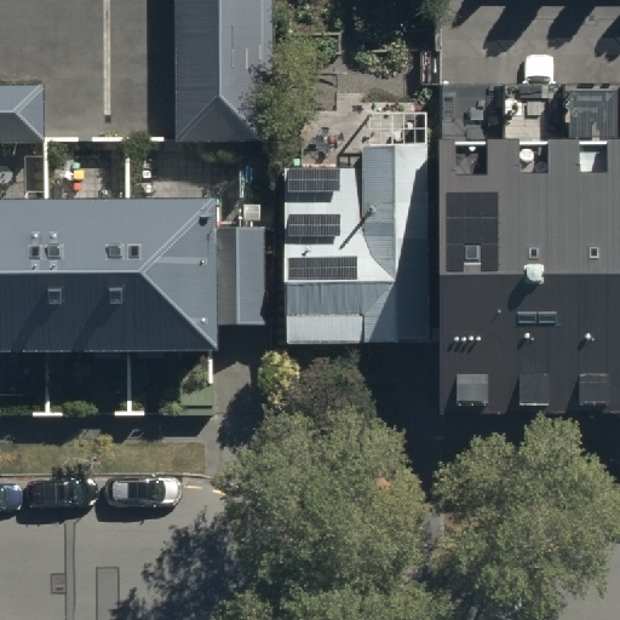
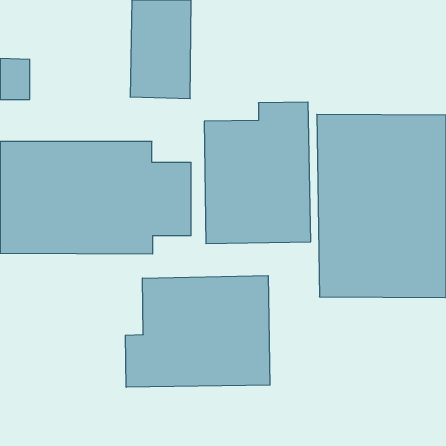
building: none -> [125,276,270,387]

